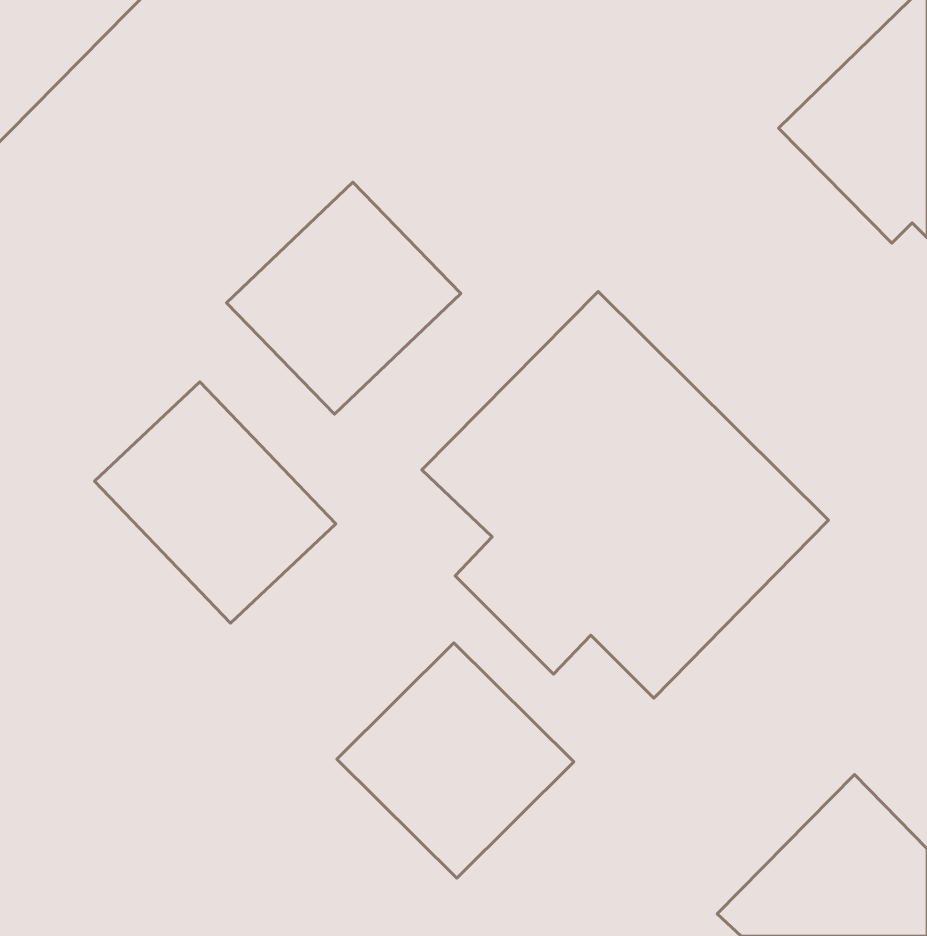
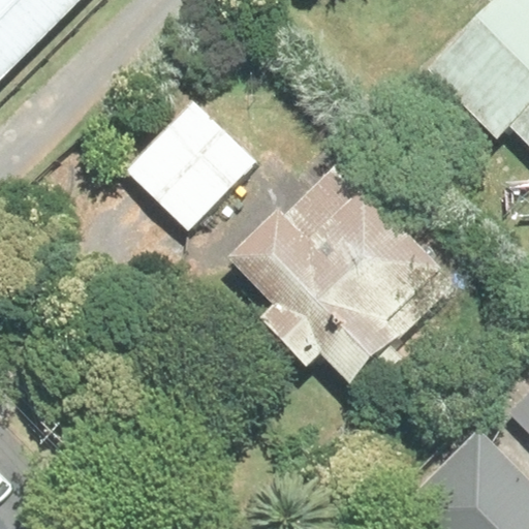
building: [95,382,336,623] -> none
building: [337,643,574,878] -> none

